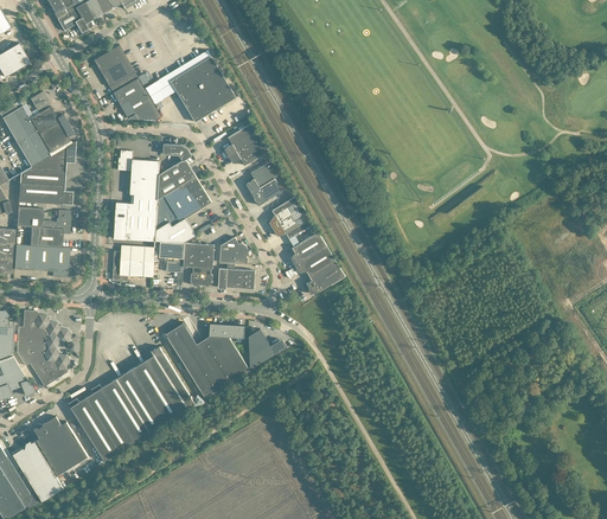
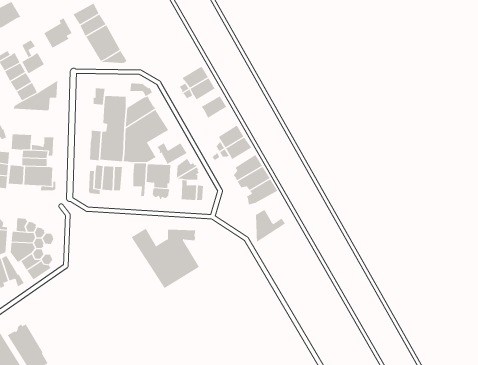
building: [168,56,235,122] -> none
building: [37,114,72,152] -> [44,18,72,48]
building: [17,175,71,204] -> none
building: [243,178,281,205] -> [157,142,187,165]
building: [247,328,285,370] -> [255,209,286,243]
building: [66,346,193,460] -> none
building: [32,416,87,475] -> none

